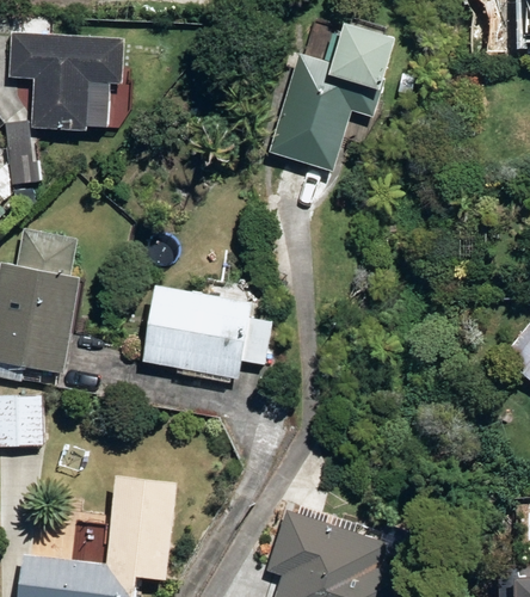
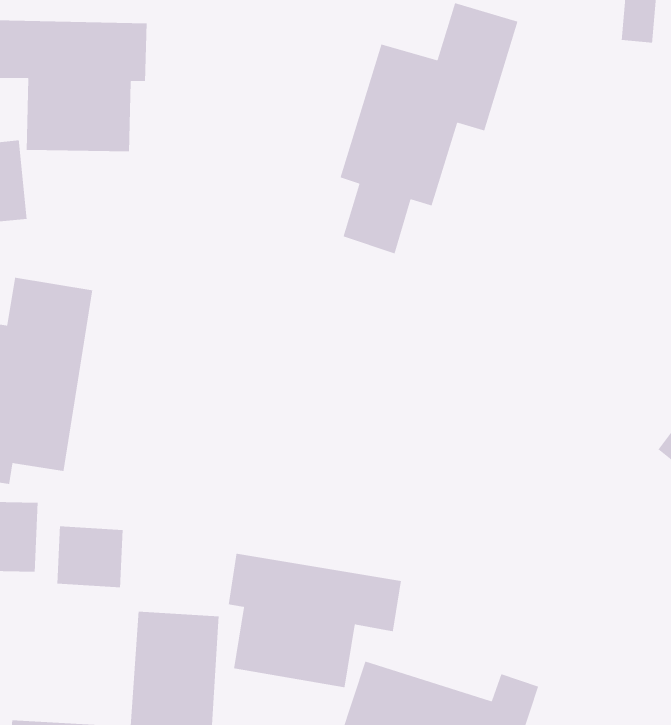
building: [147,284,271,380] -> none
building: none -> [57,526,124,588]
building: none -> [228,553,402,688]

